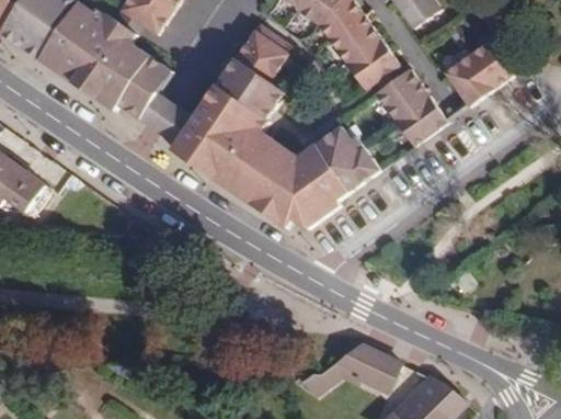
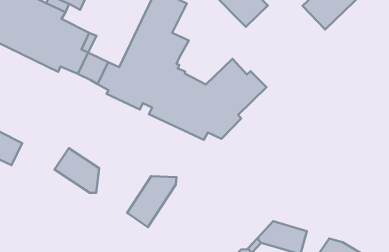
building: [377,69,446,146] -> none
building: none -> [54,148,99,193]
building: none -> [127,176,177,227]

